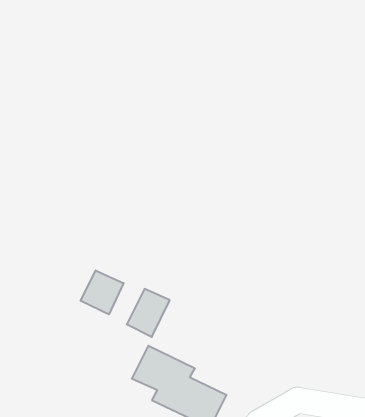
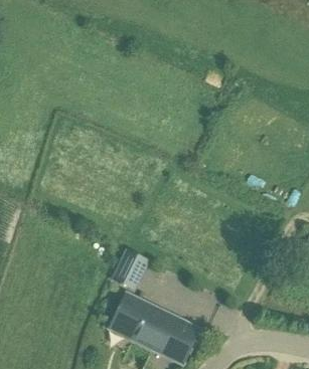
building: [80,270,124,314] -> none

